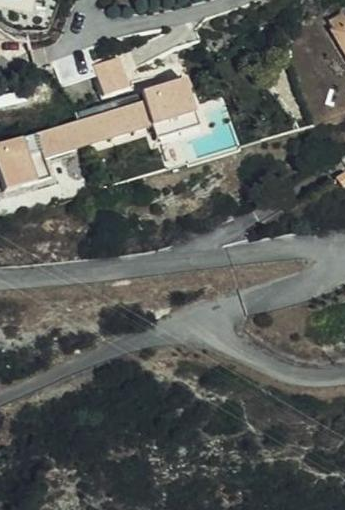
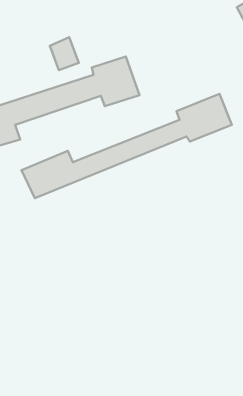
building: none -> [21,94,232,198]

